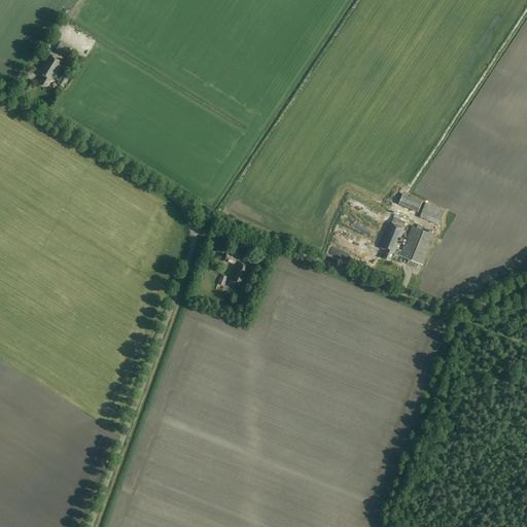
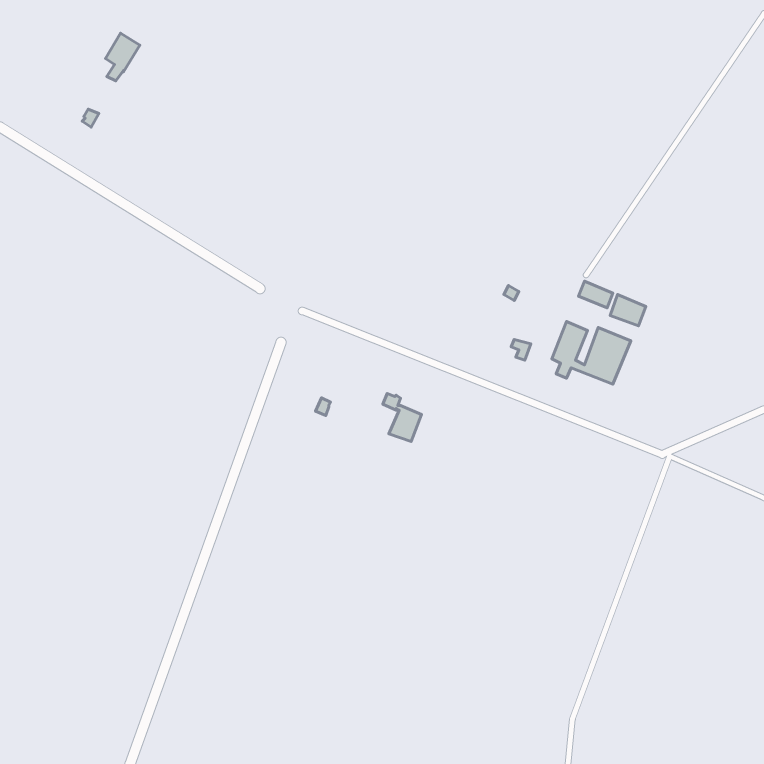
building: [38,54,62,86] -> [105,33,140,81]
building: [225,252,252,285] -> [383,394,422,441]

